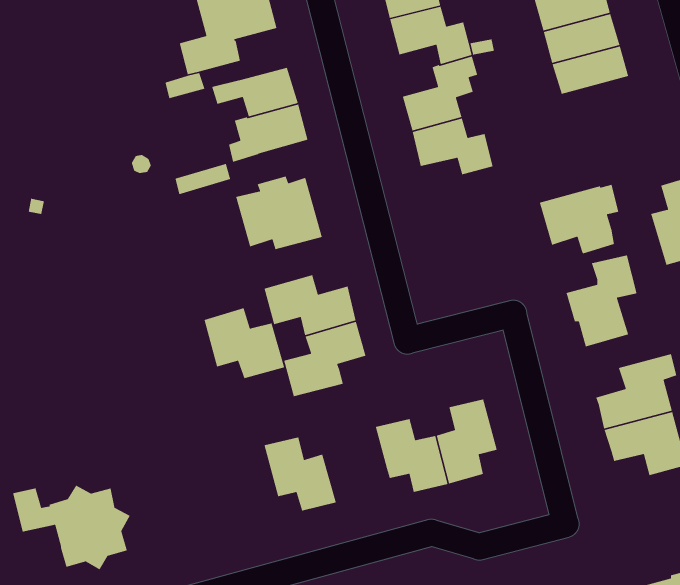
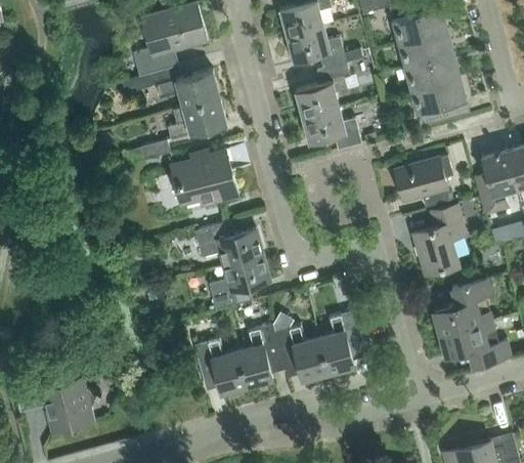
building: none -> [410,78,467,127]
building: [204,307,285,379] -> none
building: none -> [237,325,283,387]

